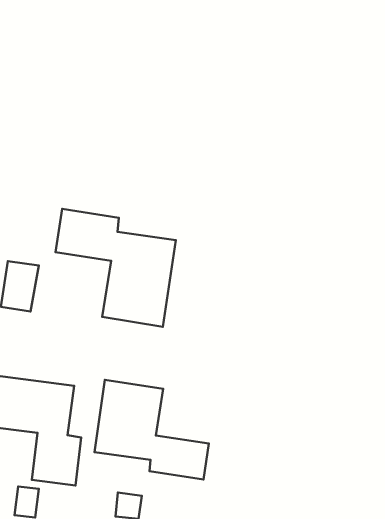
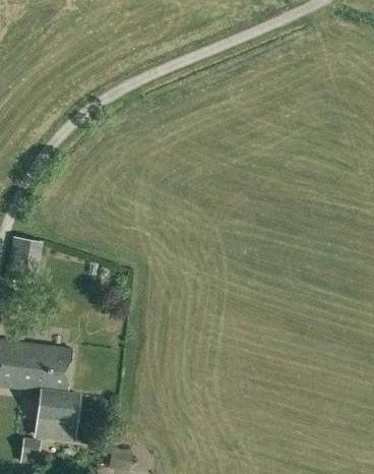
building: [56,209,176,327] -> none
building: [95,380,209,479] -> none

